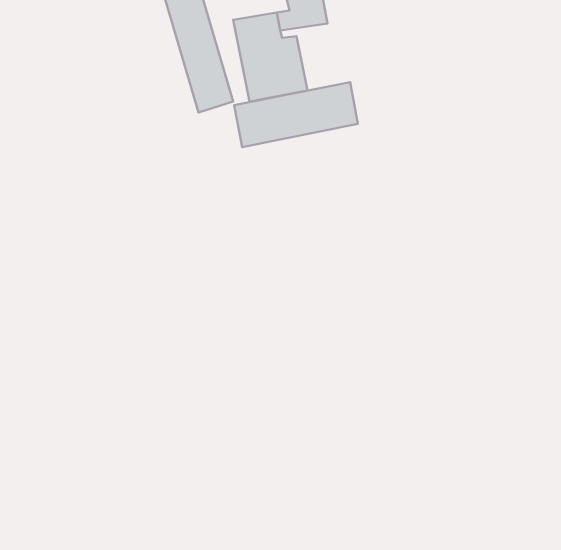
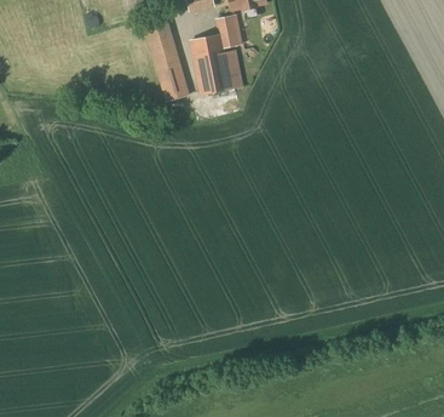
building: [234,82,358,147] -> none

